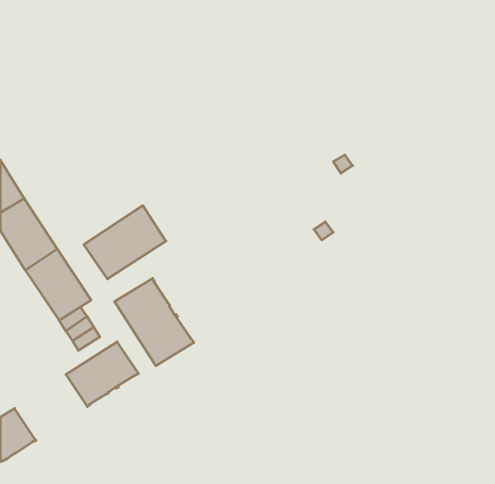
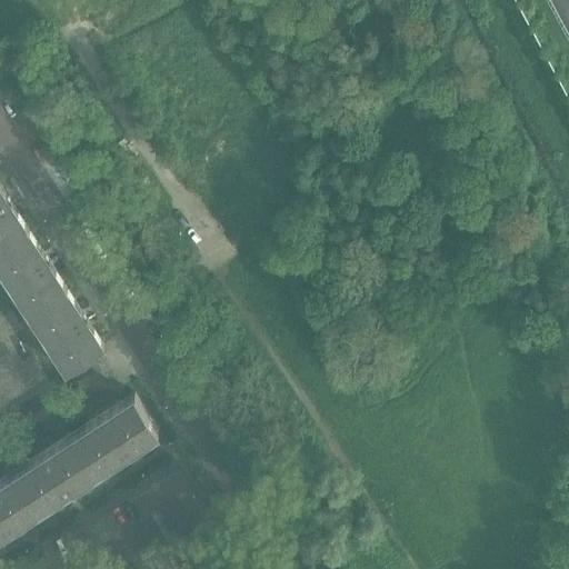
building: [84,206,166,279] -> none
building: [115,278,194,366] -> none
building: none -> [17,442,100,518]

